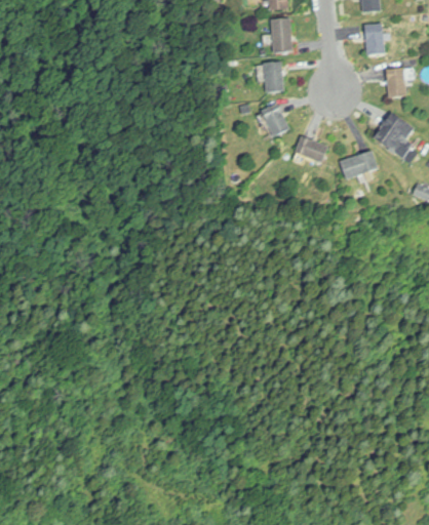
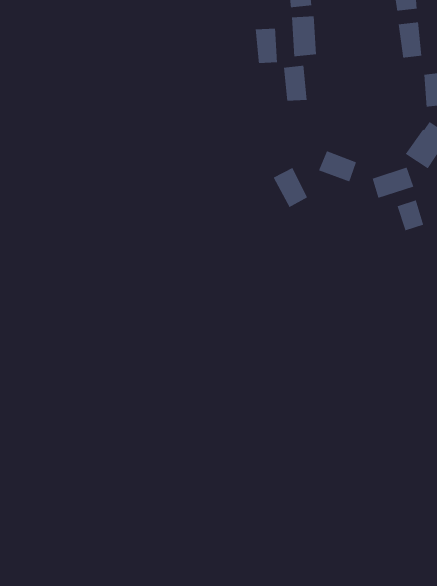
building: none -> [255,28,278,64]
building: [260,102,290,137] -> [273,167,308,208]
building: none -> [397,199,424,231]

